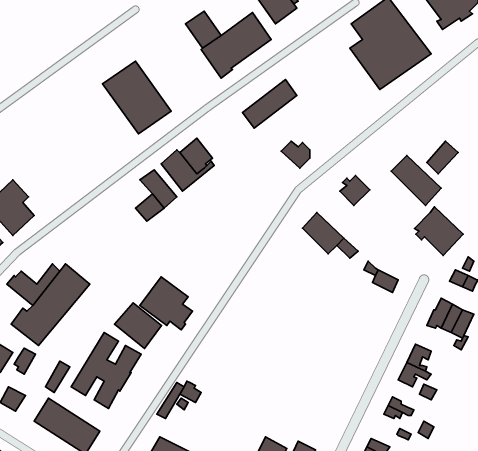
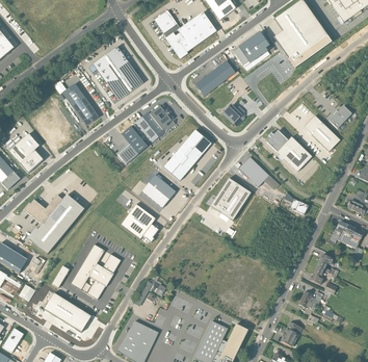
building: none -> [233,30,269,66]
building: none -> [62,82,99,125]
building: none -> [163,129,212,180]
building: [414,207,463,256] -> [277,135,312,171]
building: none -> [210,177,251,219]
building: [114,303,162,348] -> [141,174,176,207]

